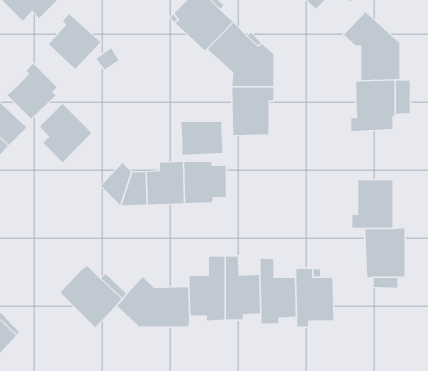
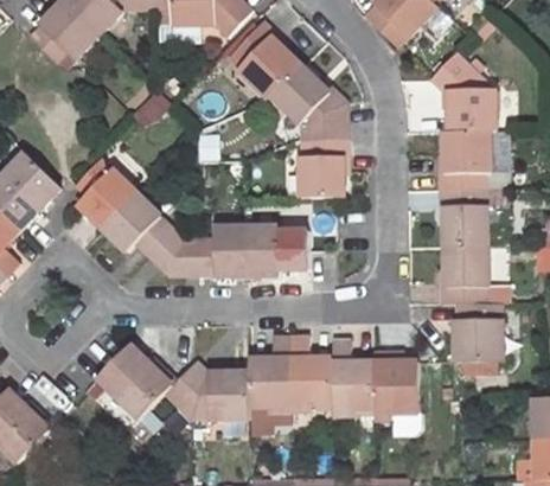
building: [48,13,101,70] -> none
building: [7,63,57,120] -> none
building: [181,121,223,155] -> none
building: none -> [436,190,486,248]
building: none -> [101,193,171,255]

